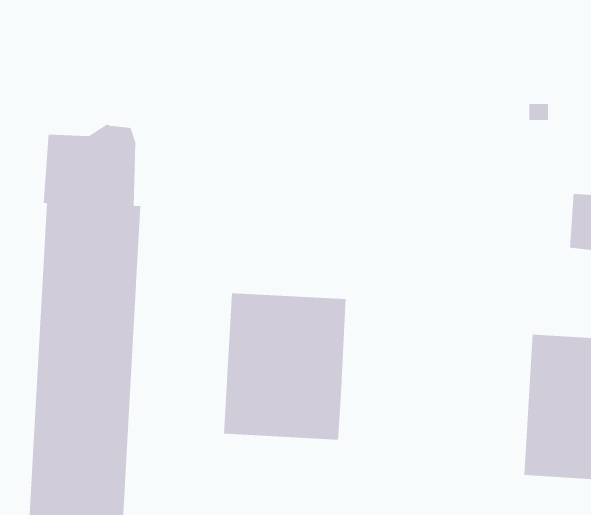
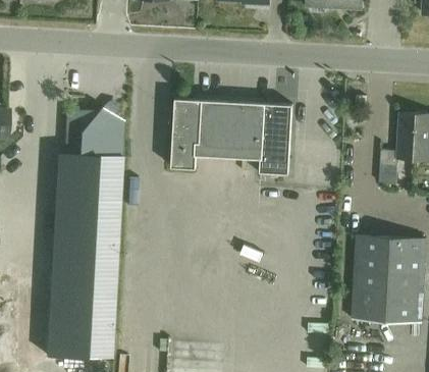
building: none -> [171,99,292,174]
building: [223,292,346,440] -> none

